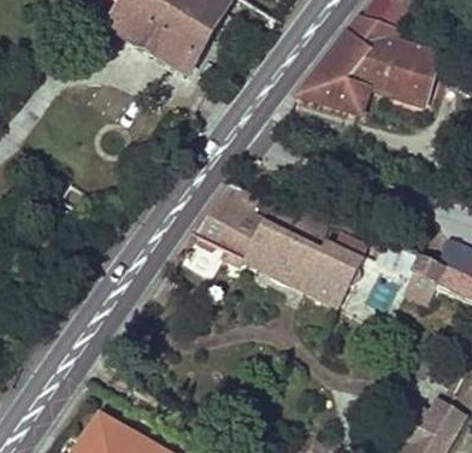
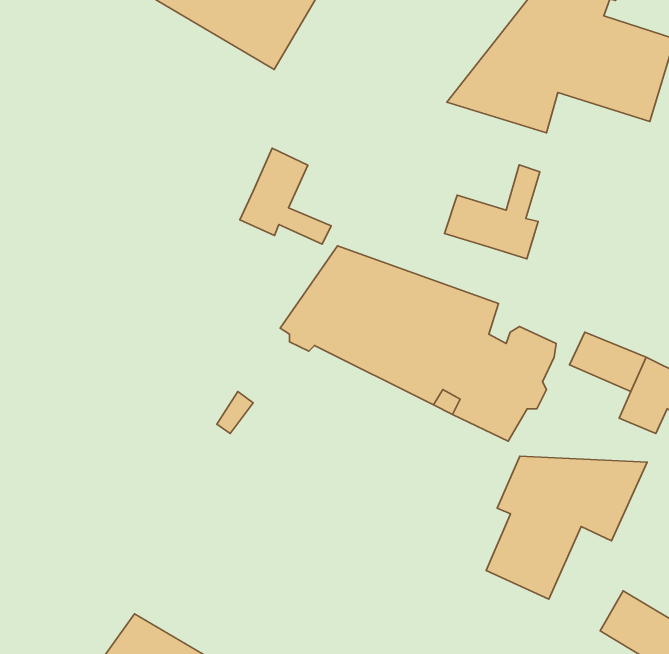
building: none -> [240,148,331,244]
building: none -> [445,165,540,259]
building: none -> [486,456,647,599]

